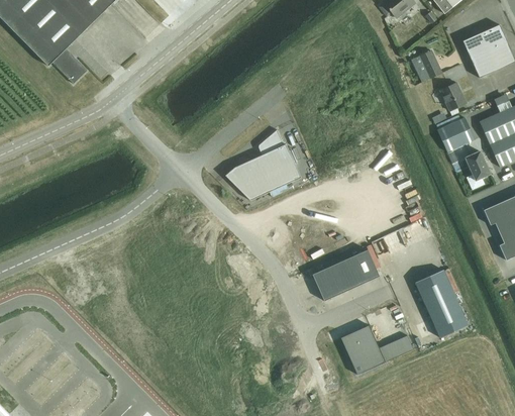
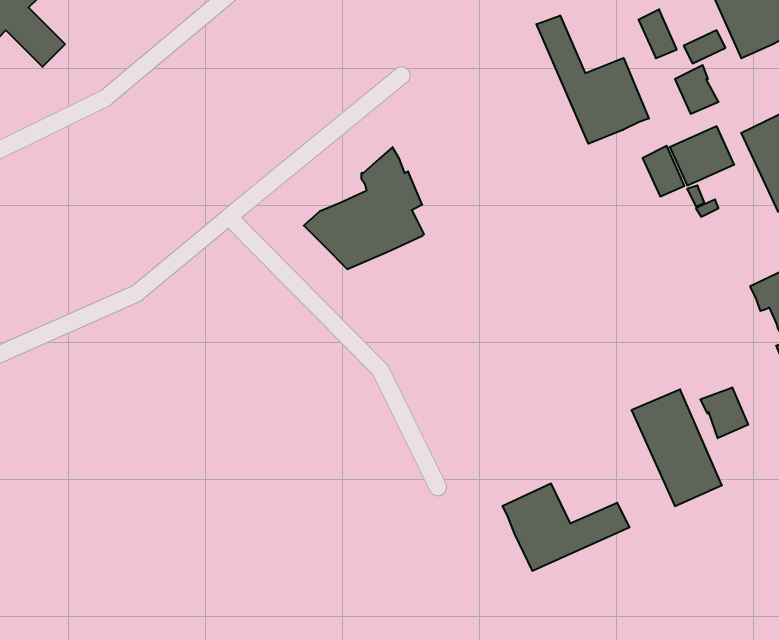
building: none -> [536,15,649,144]
building: [466,150,490,180] -> [643,146,684,196]
building: [312,249,380,301] -> none
building: none -> [700,387,748,438]

